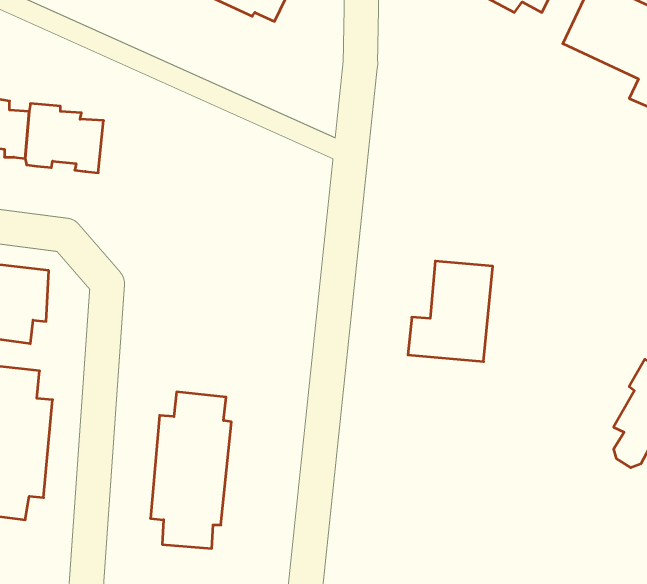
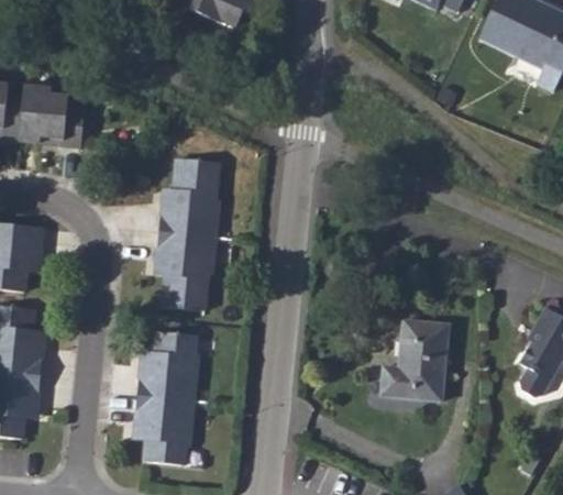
building: none -> [152,158,220,310]
building: [408,261,493,362] -> [377,318,449,403]

